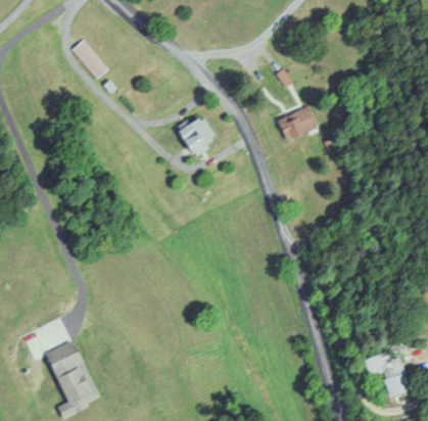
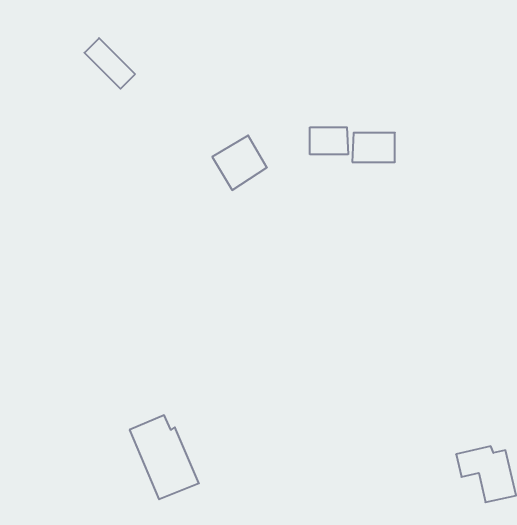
building: none -> [310,127,348,154]
building: [51,342,104,407] -> [130,415,199,499]

